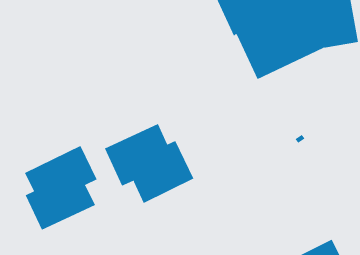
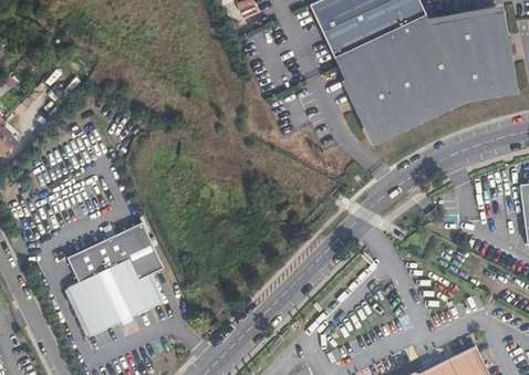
building: [104,123,194,204] -> none

